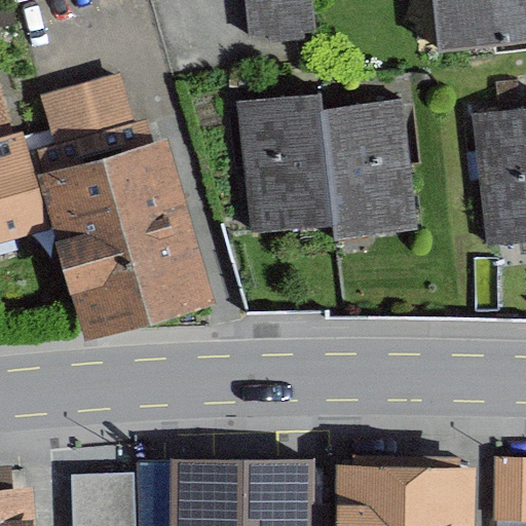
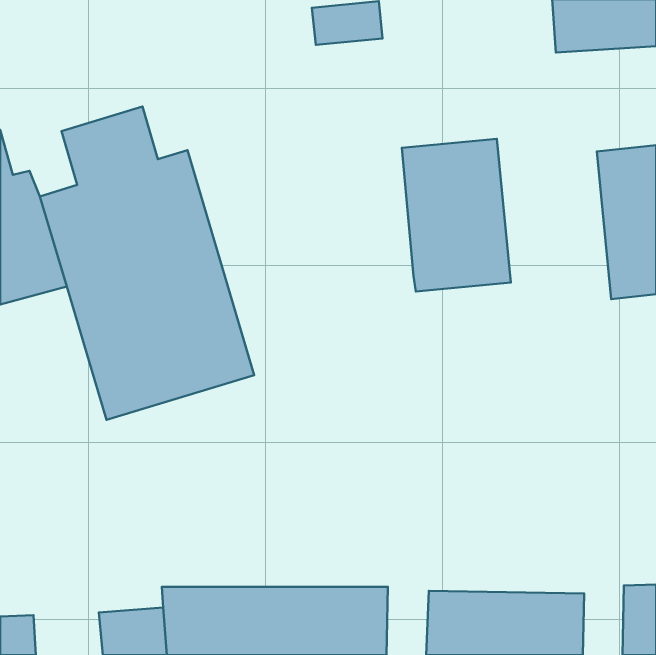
building: [243,103,331,228] -> none

